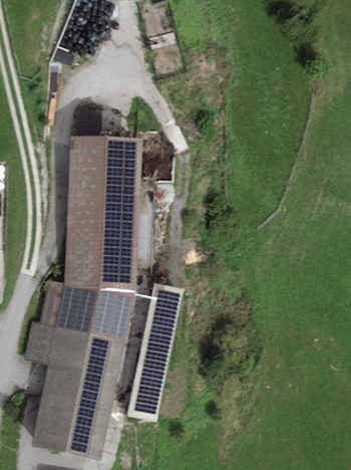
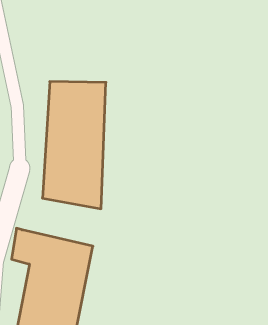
building: [38,281,135,343] -> none
building: [126,283,185,423] -> none

